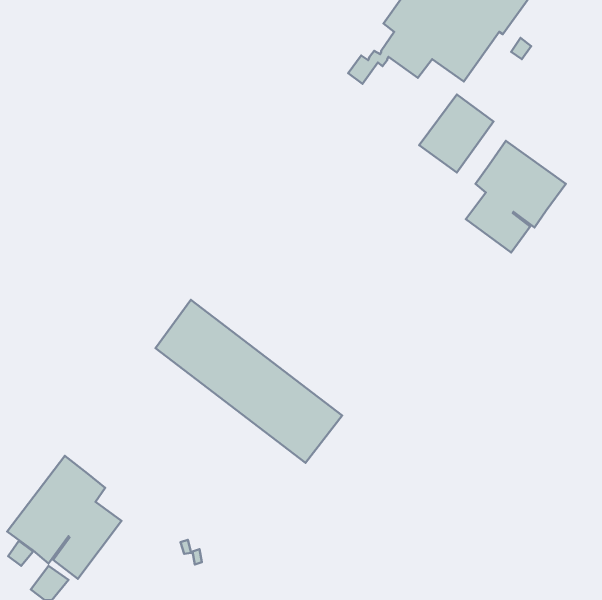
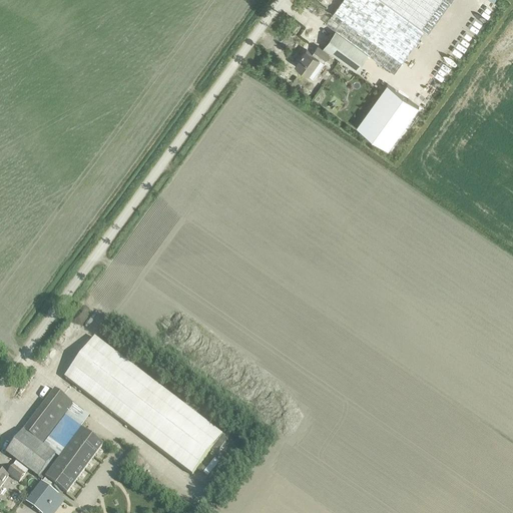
building: [466,141,566,252] -> none
building: [156,300,342,463] -> [65,335,223,473]

